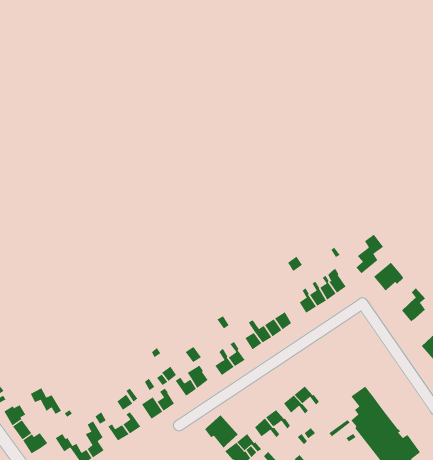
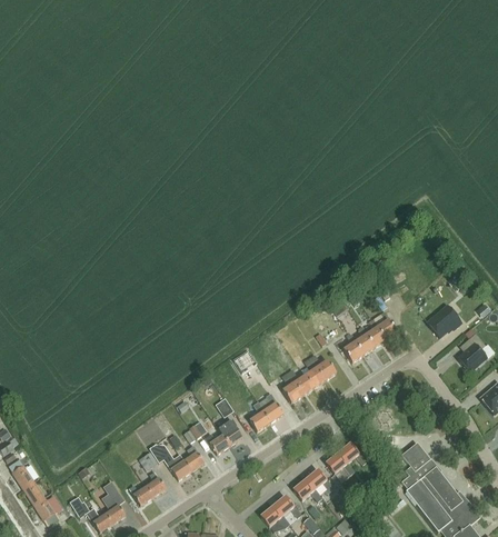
building: [355,234,384,274] -> none
building: [30,387,62,415] -> none
building: [205,415,238,448] -> none

